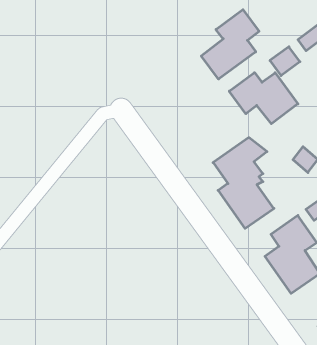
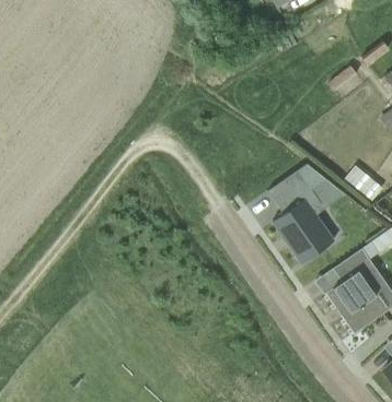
building: [201,10,259,79] -> none
building: [229,73,298,124] -> none

